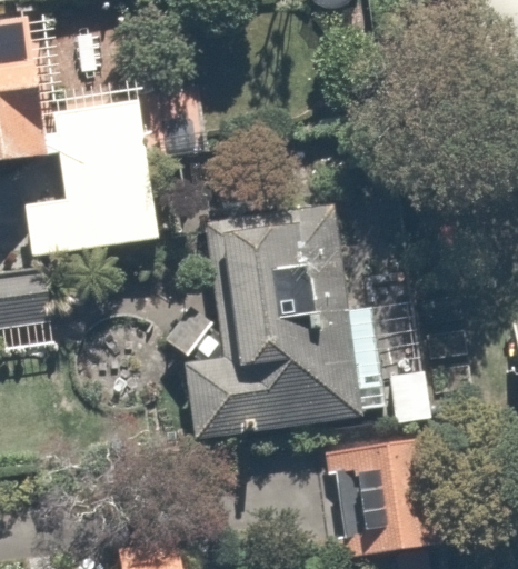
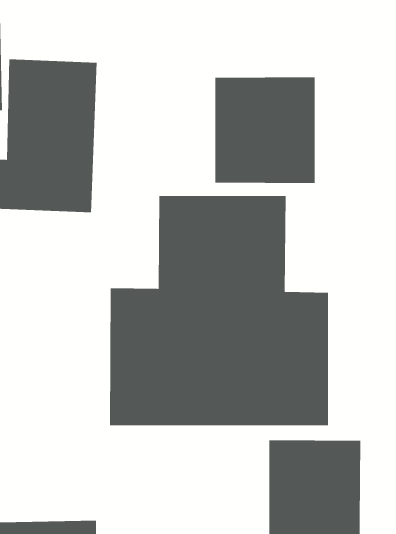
building: none -> [215,77,316,184]

